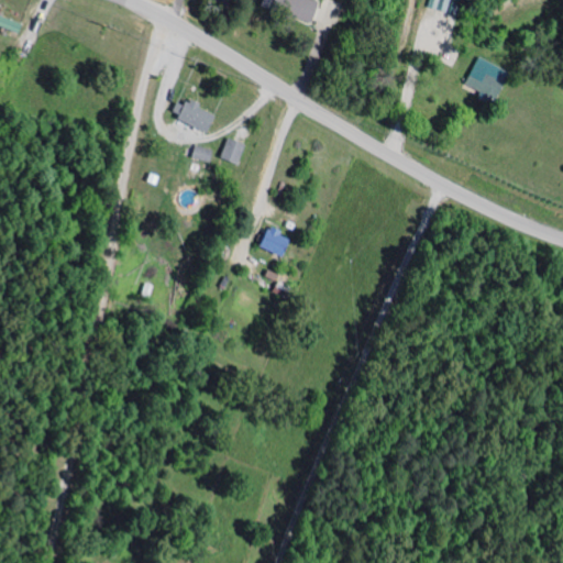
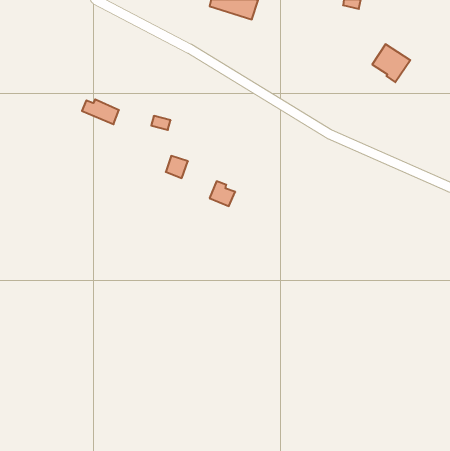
building: [169,100,216,131] -> [82,99,119,124]
building: [218,136,245,164] -> [166,156,188,178]

